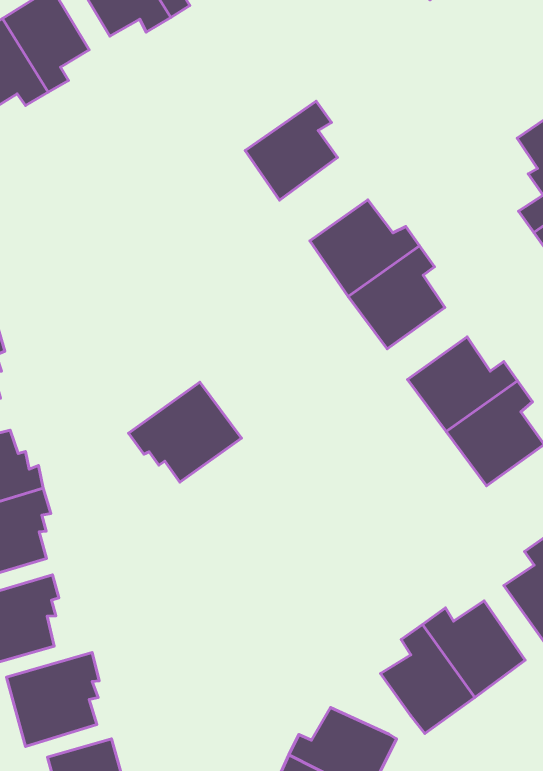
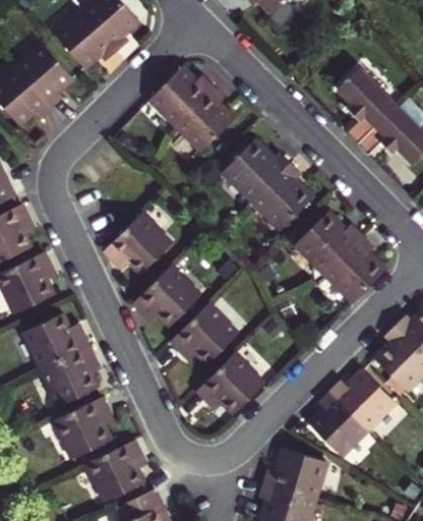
building: none -> [152,67,214,123]
building: none -> [104,214,173,275]
building: none -> [172,304,239,366]
building: none -> [197,354,265,415]

